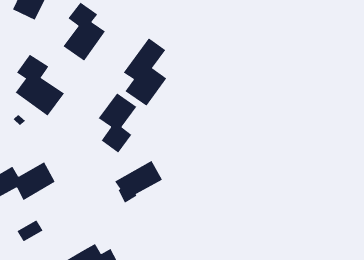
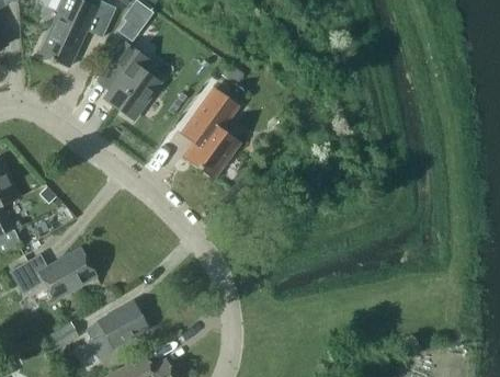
building: [15,54,65,116] -> none
building: [98,92,137,154] -> none
building: [114,160,163,204] -> [86,302,148,358]

